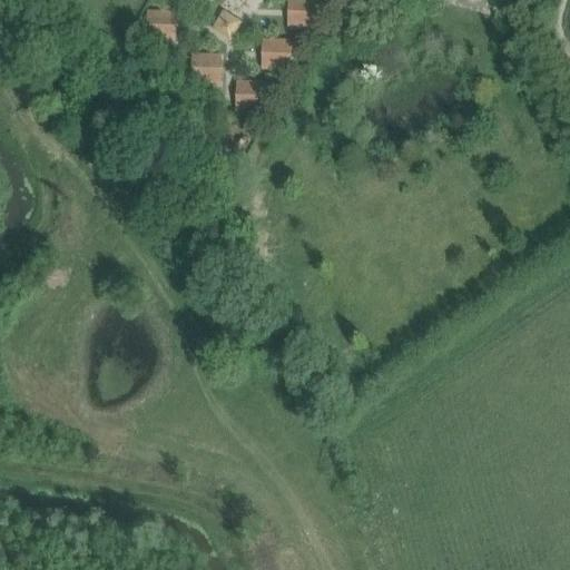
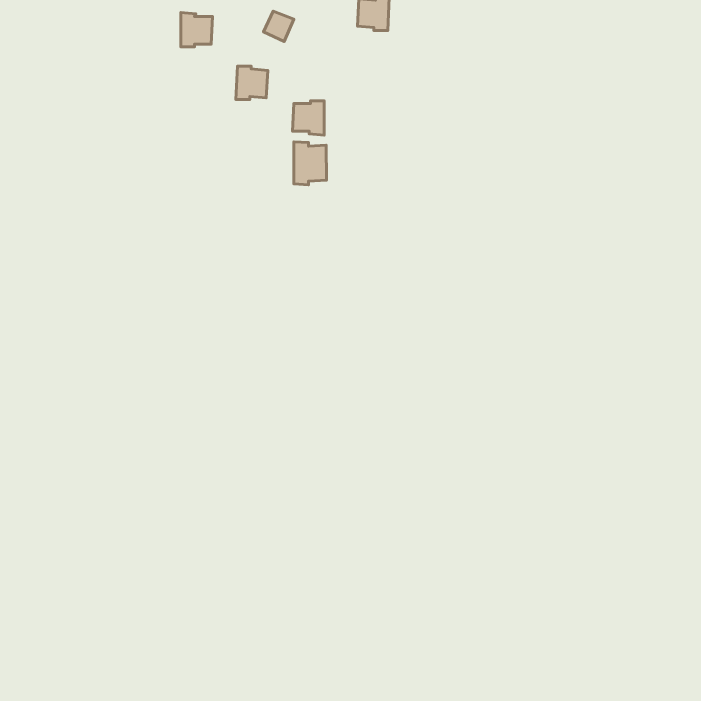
building: [263,39,288,67] -> none
building: none -> [294,142,326,185]

